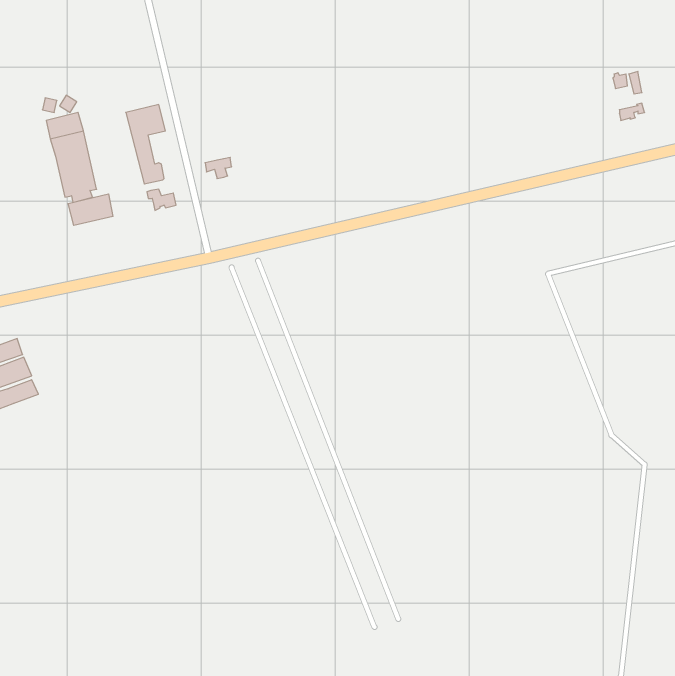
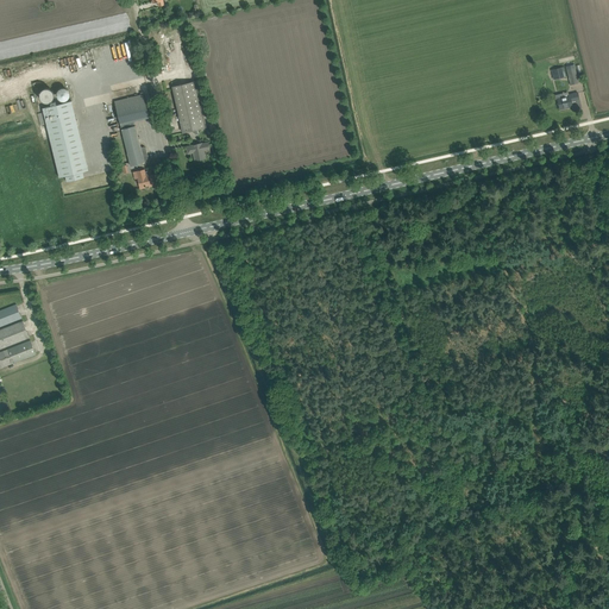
building: none -> [171,81,205,133]
building: [68,194,113,225] -> none

